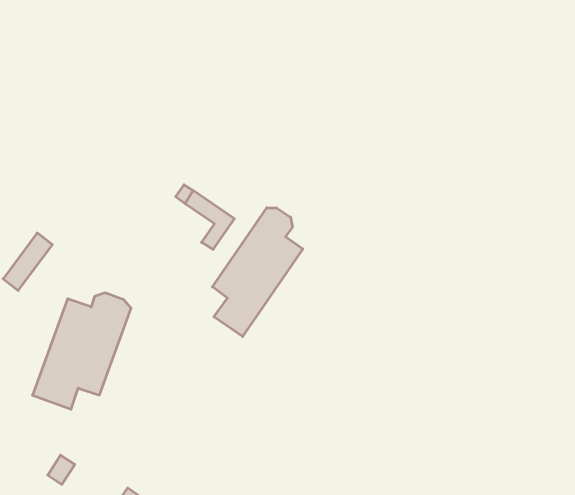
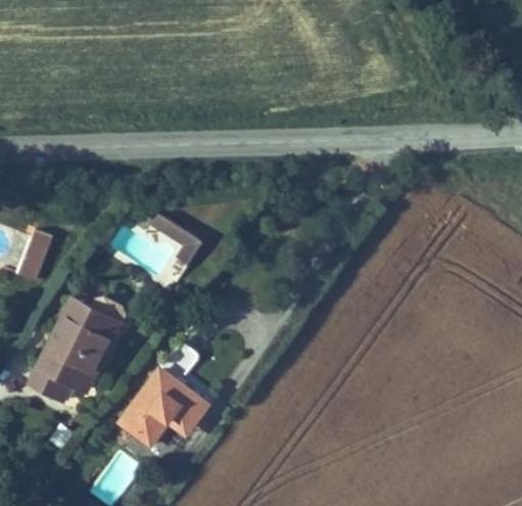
building: [212,208,303,337] -> none
building: none -> [124,340,210,441]

